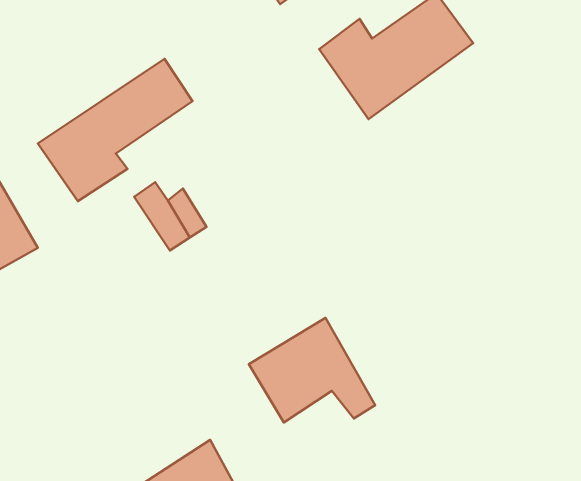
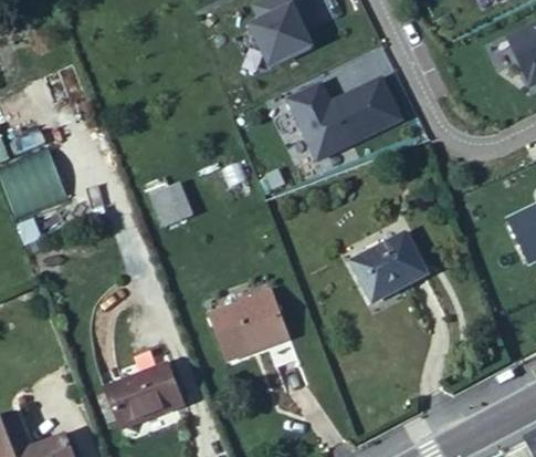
building: [38,59,192,201] -> none
building: none -> [356,221,429,293]

